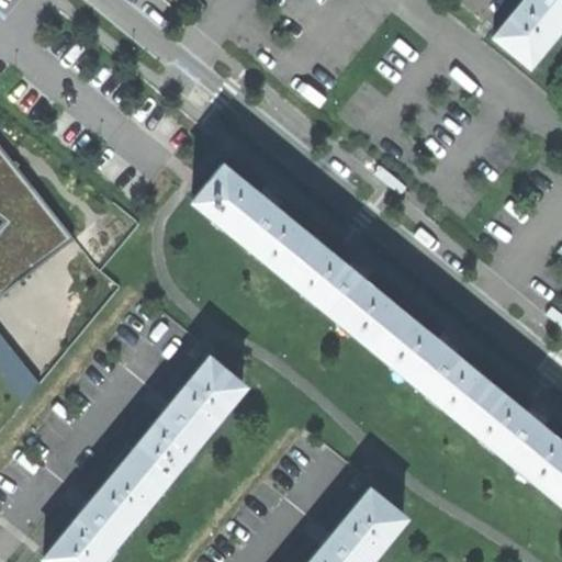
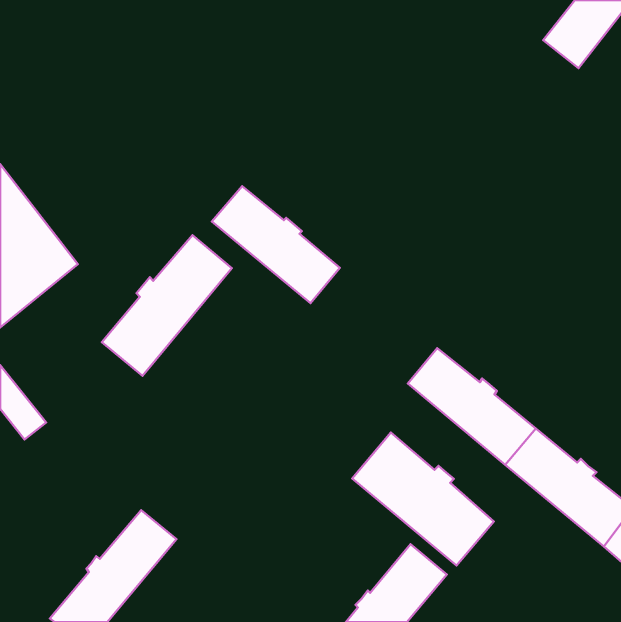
building: none -> [102,235,232,376]
building: [281,241,395,346] -> none
building: [128,360,243,486] -> none
building: none -> [352,433,494,566]

